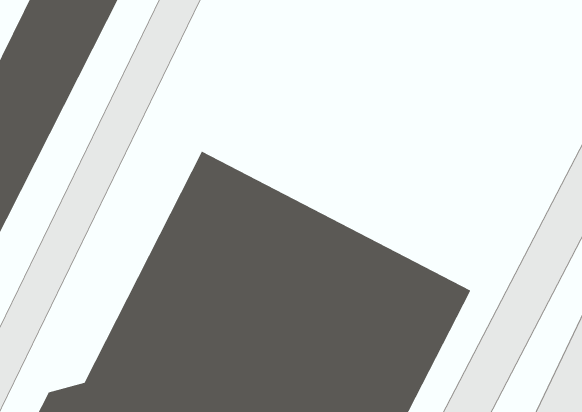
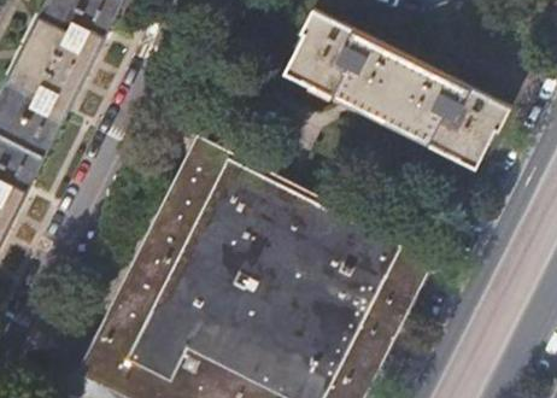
building: none -> [287,10,510,166]

